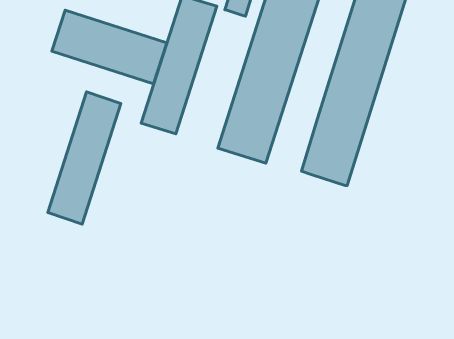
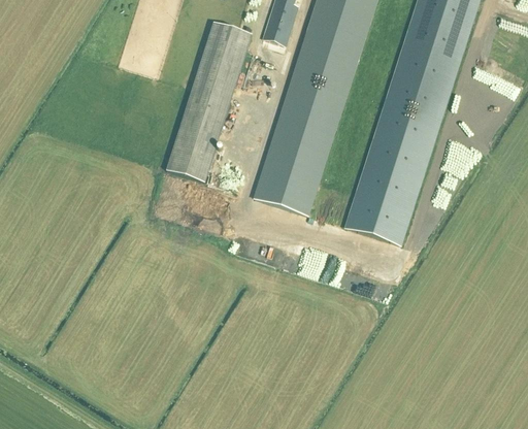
building: [52,10,167,84] -> none
building: [48,92,121,224] -> none

